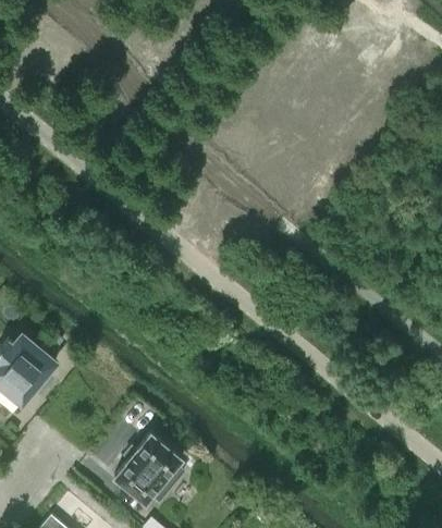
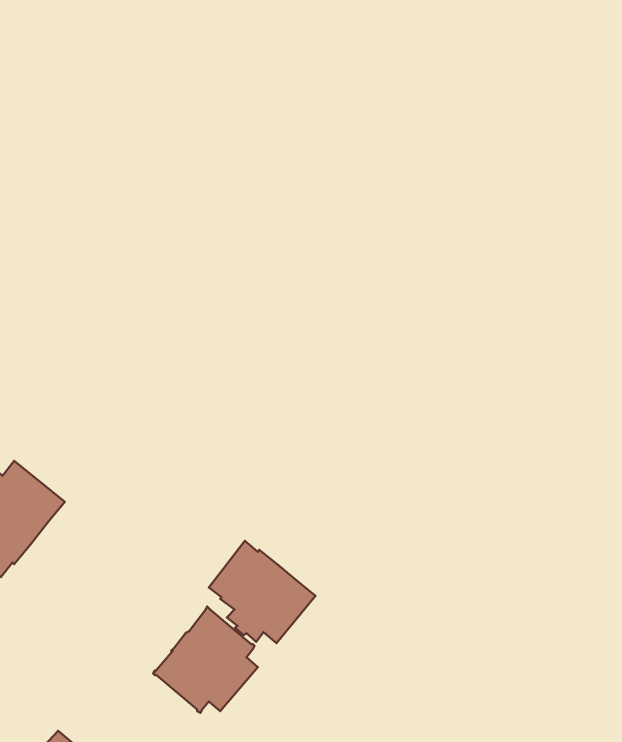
building: none -> [209,541,315,643]

